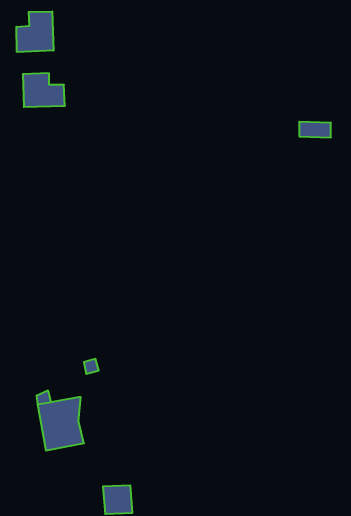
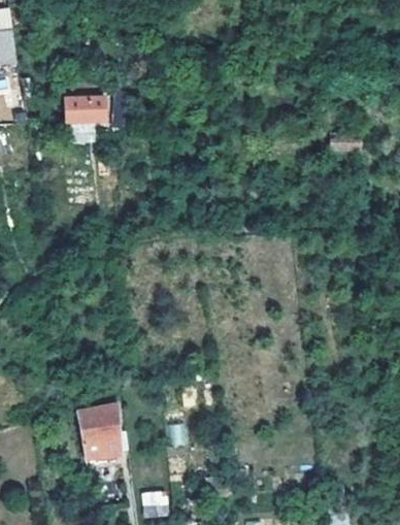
building: [16,11,54,52] -> none

